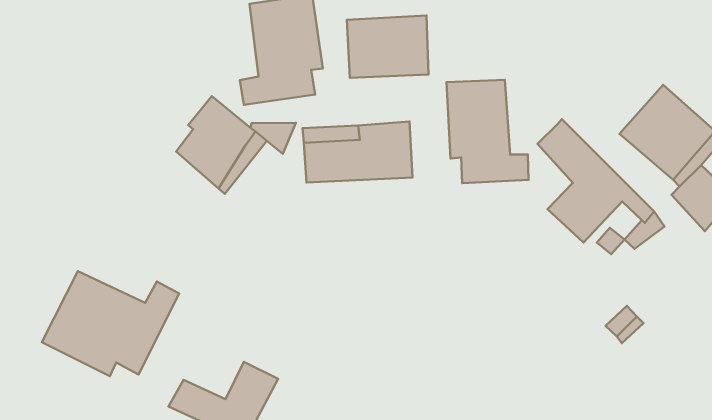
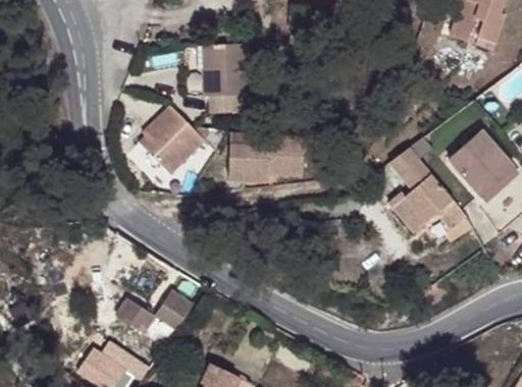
building: [347,15,428,78] -> none
building: [447,80,529,183] -> none
building: [42,271,179,376] -> none

